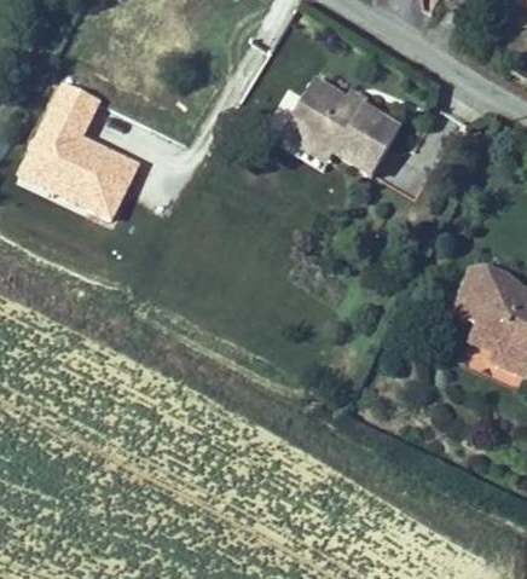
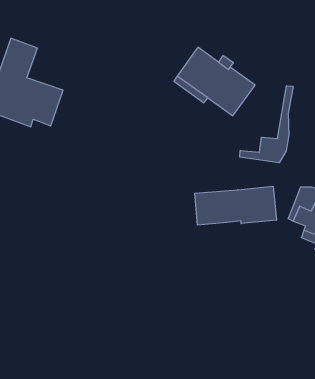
building: none -> [240,86,293,163]
building: none -> [195,186,276,225]

